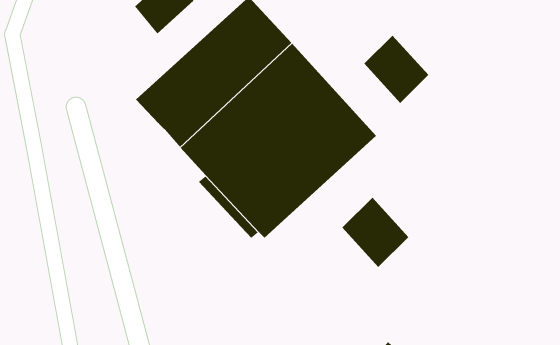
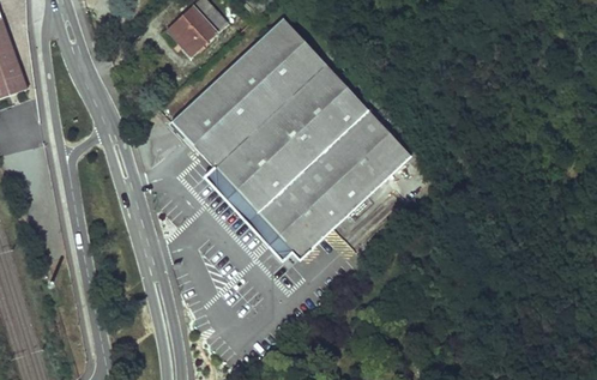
building: [363,35,429,104] -> none
building: [342,197,409,268] -> none

